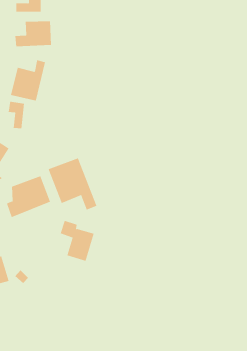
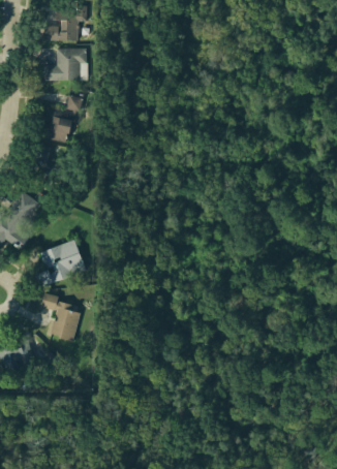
building: [48,158,97,211] -> none
building: [60,220,95,262] -> [40,290,83,341]

